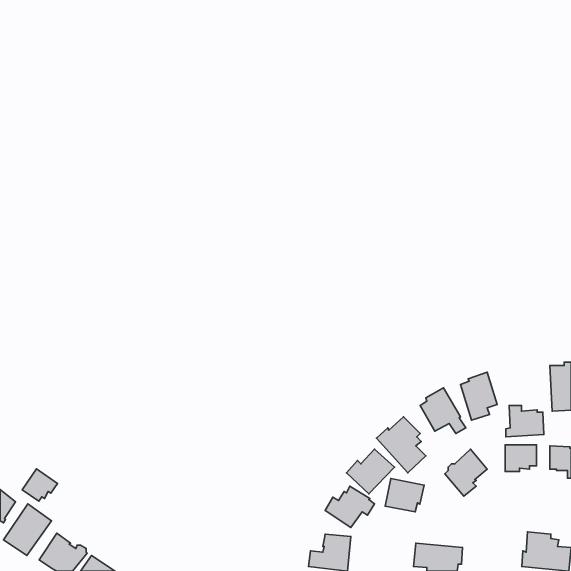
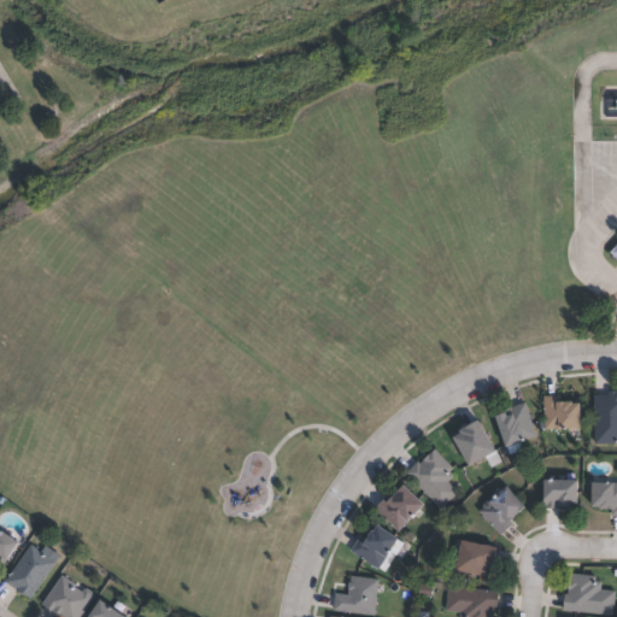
building: [506,405,544,437] -> [540,395,581,429]
building: [22,469,58,501] -> none
building: [385,478,424,512] -> [456,540,498,576]

